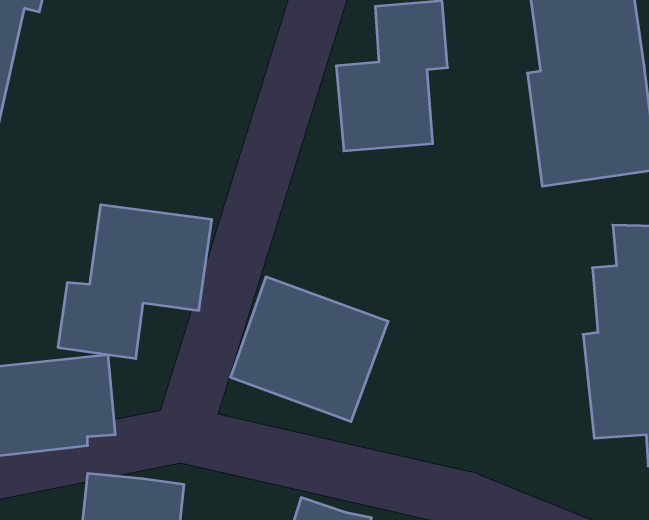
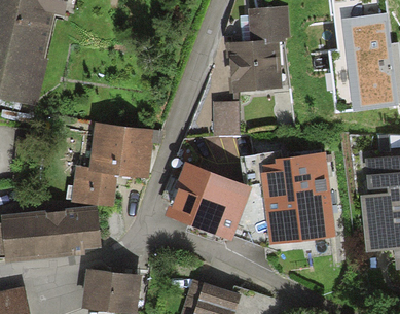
building: none -> [208,97,238,135]
building: none -> [261,152,337,244]

